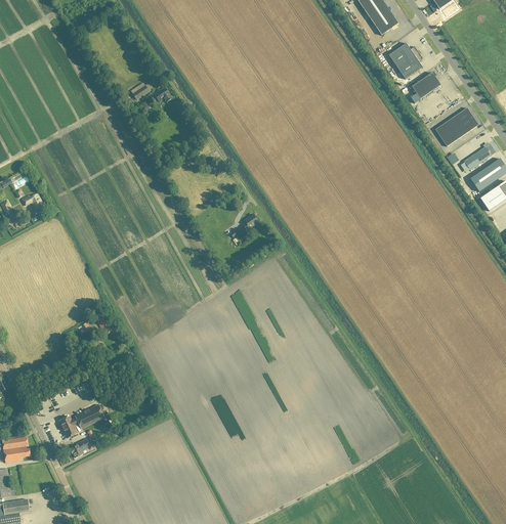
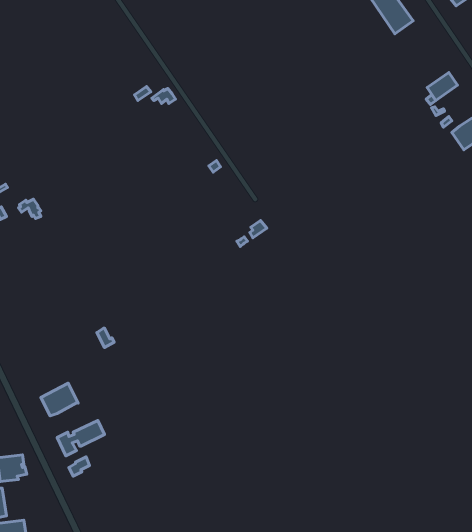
building: [388,42,423,78] -> none
building: none -> [41,383,78,416]

